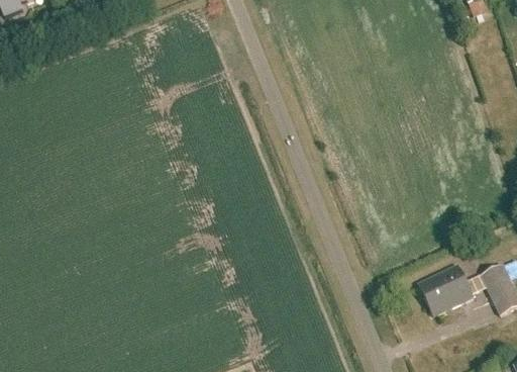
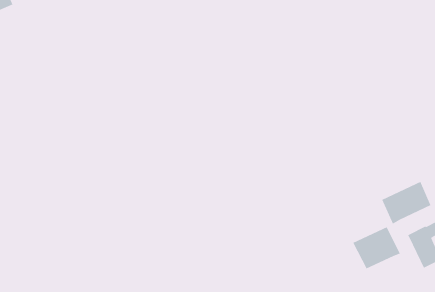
building: none -> [381,181,431,225]

